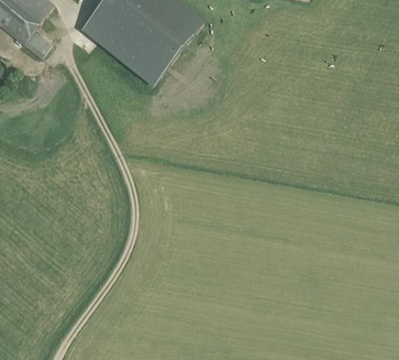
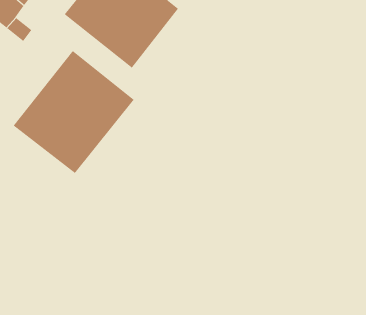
building: none -> [13,50,135,174]

